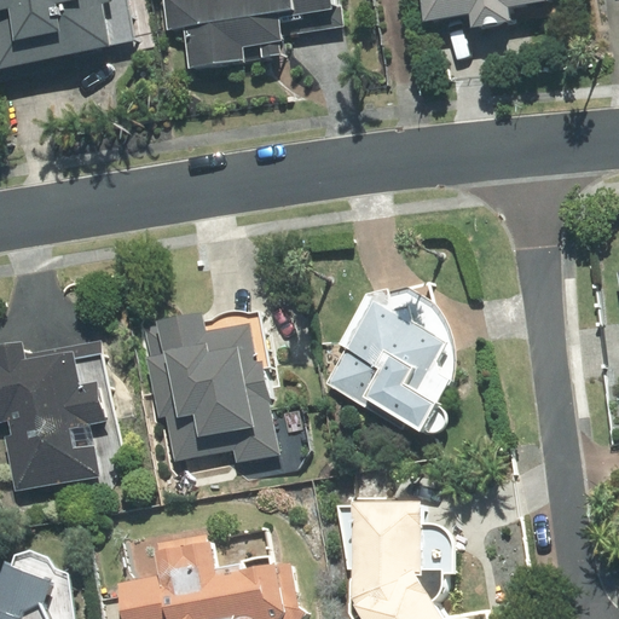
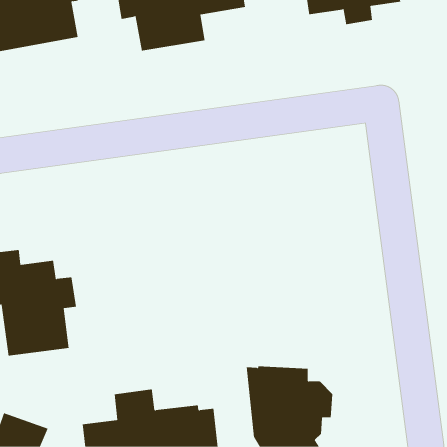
building: [326,295,457,433] -> none
building: [158,313,280,462] -> none

